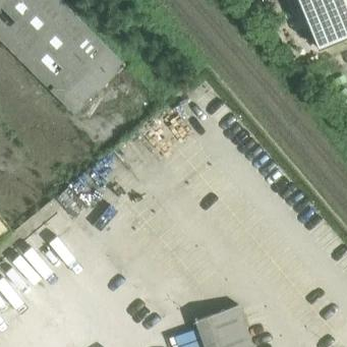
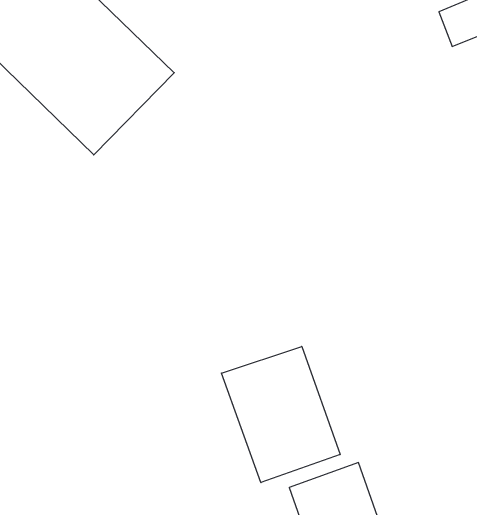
building: none -> [221,346,340,483]

